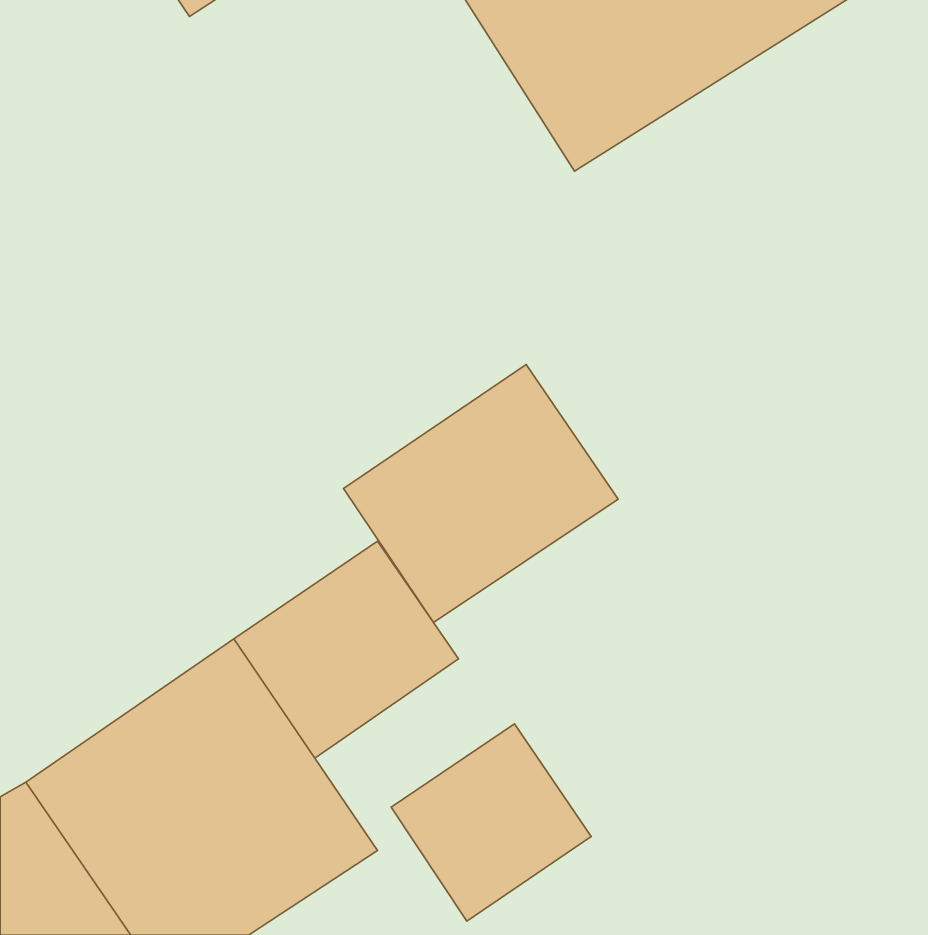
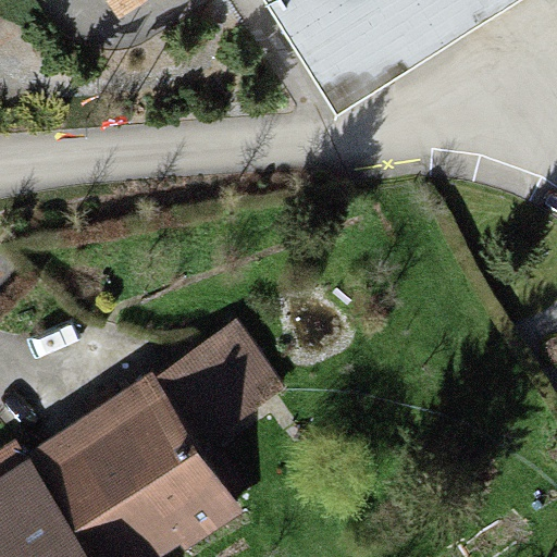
building: [344,364,618,623] -> none
building: [391,724,591,921] -> none

